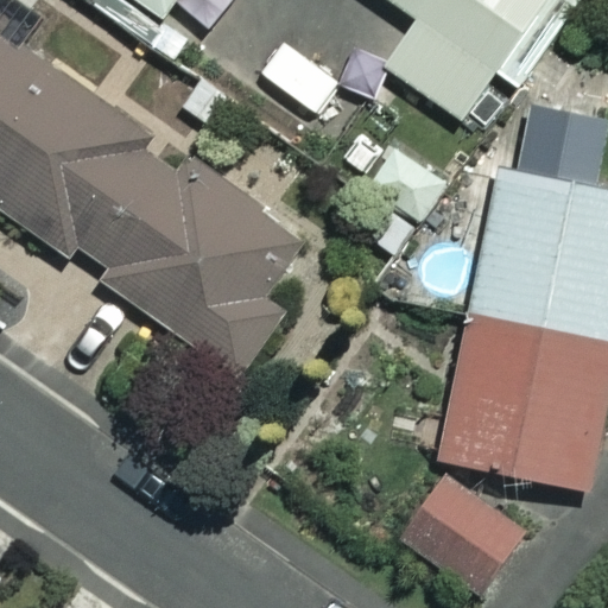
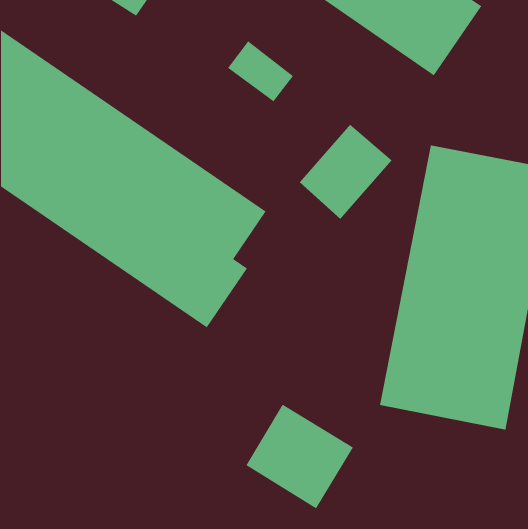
building: [406,469,530,589] -> [246,404,354,509]

